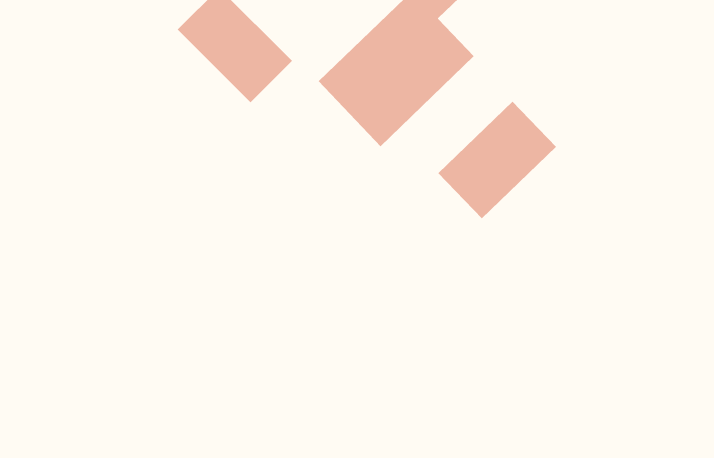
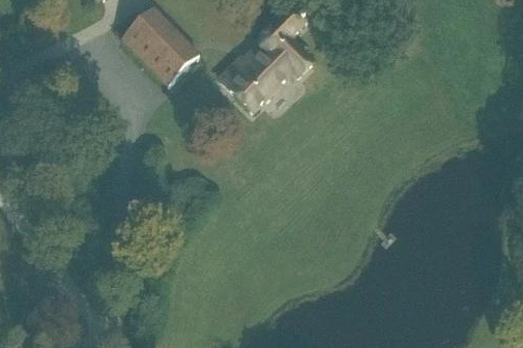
building: [437,101,557,219] -> none

